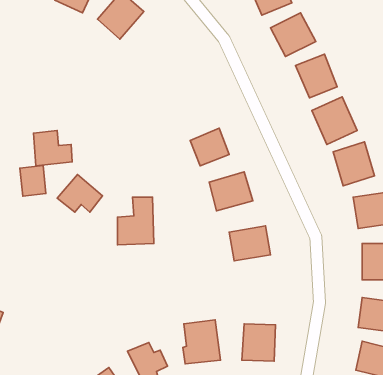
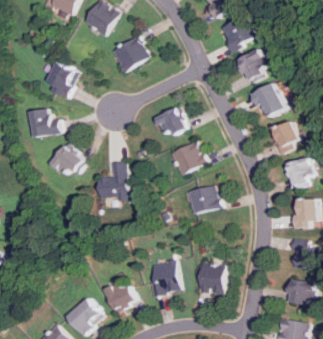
building: none -> [109,36,147,72]
building: none -> [47,61,77,97]
building: [20,165,46,196] -> none

